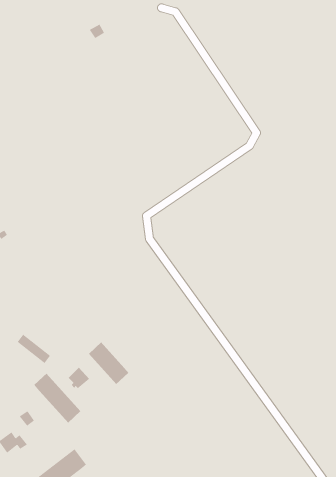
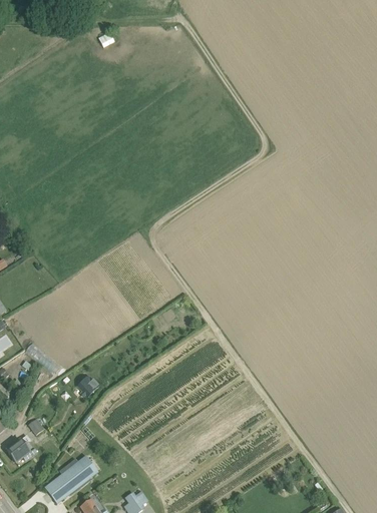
building: [88,342,129,385] -> none
building: [33,373,81,423] -> none

